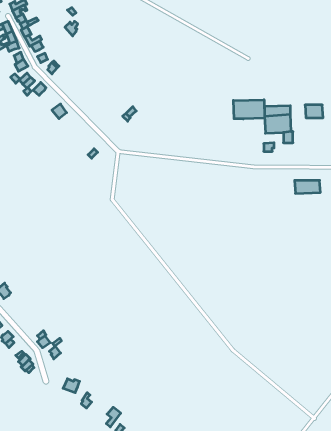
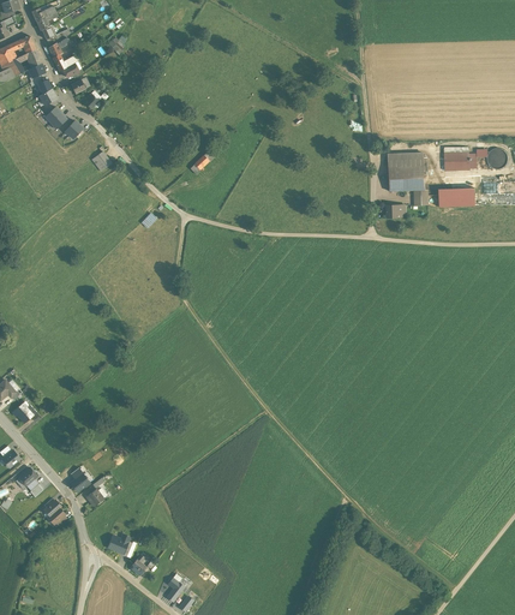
building: [233,100,265,119] -> none
building: [295,180,320,193] -> [439,189,475,207]

